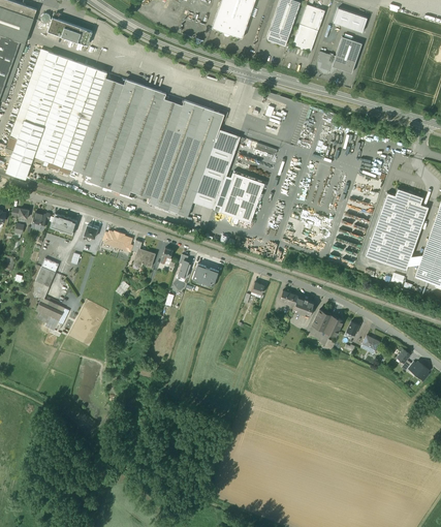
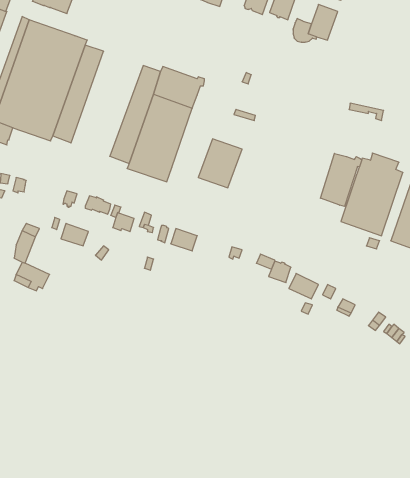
building: [90,80,166,196] -> none
building: [193,129,239,210] -> none
building: none -> [320,153,362,206]
building: [51,213,78,236] -> [61,223,88,246]

